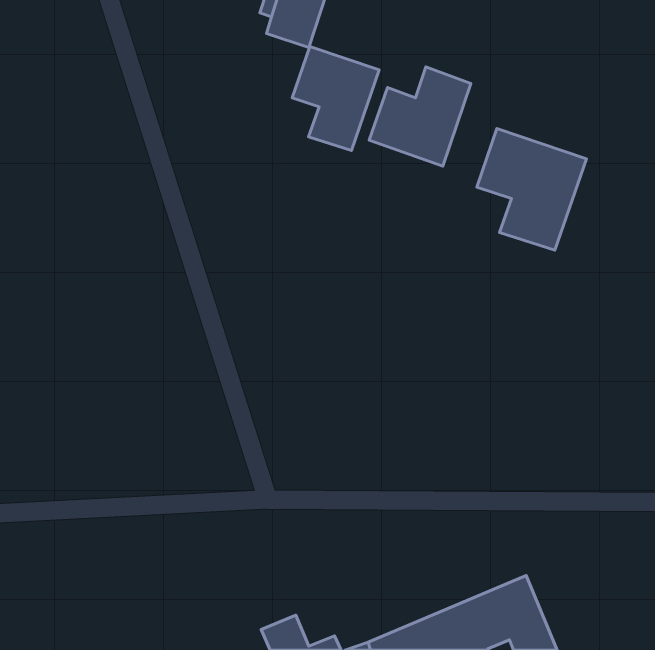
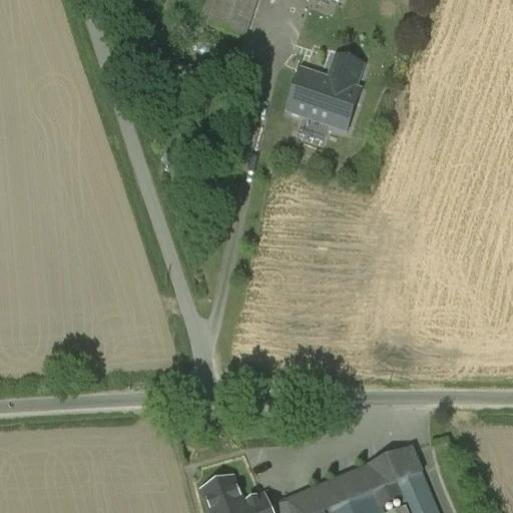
building: [292,46,379,150] -> none
building: [477,129,586,250] -> none

